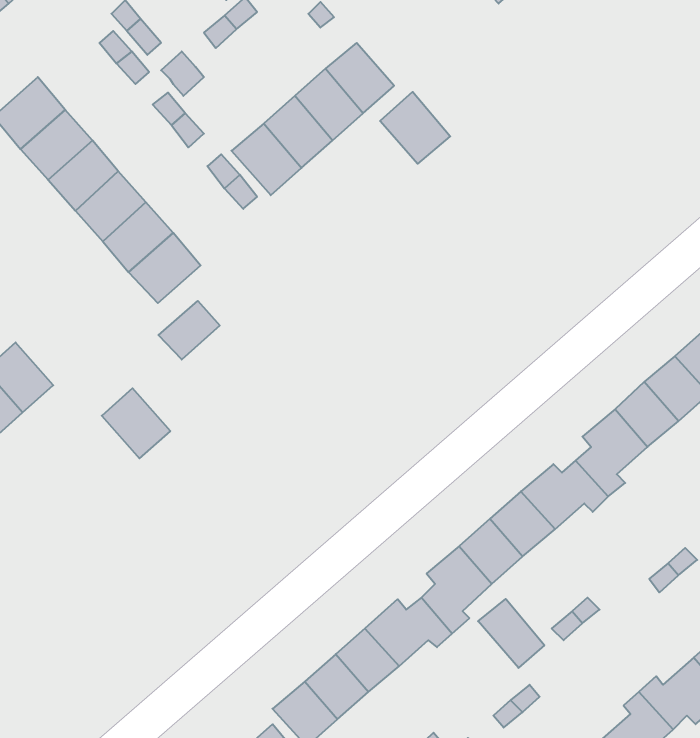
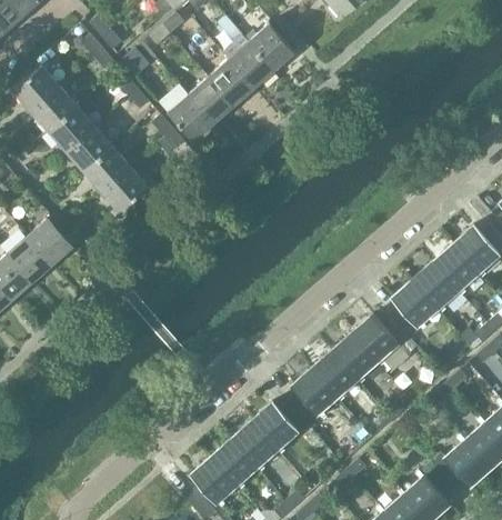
building: [380,92,450,164] -> [248,23,293,70]
building: [158,301,220,360] -> none
building: [102,388,170,458] -> [27,219,71,264]
building: [478,599,544,668] -> none

